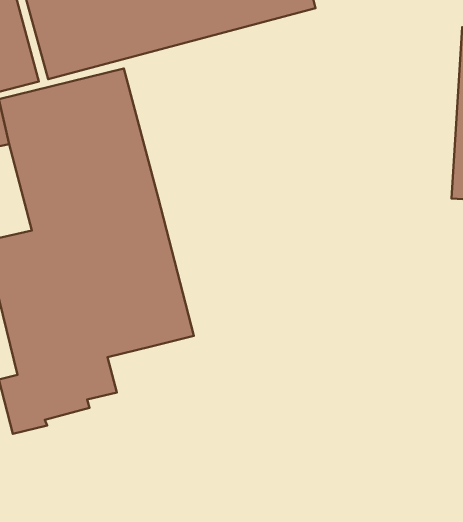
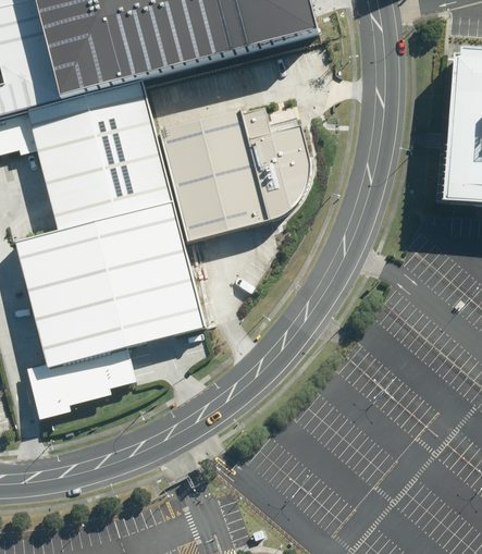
building: none -> [156,97,302,236]

